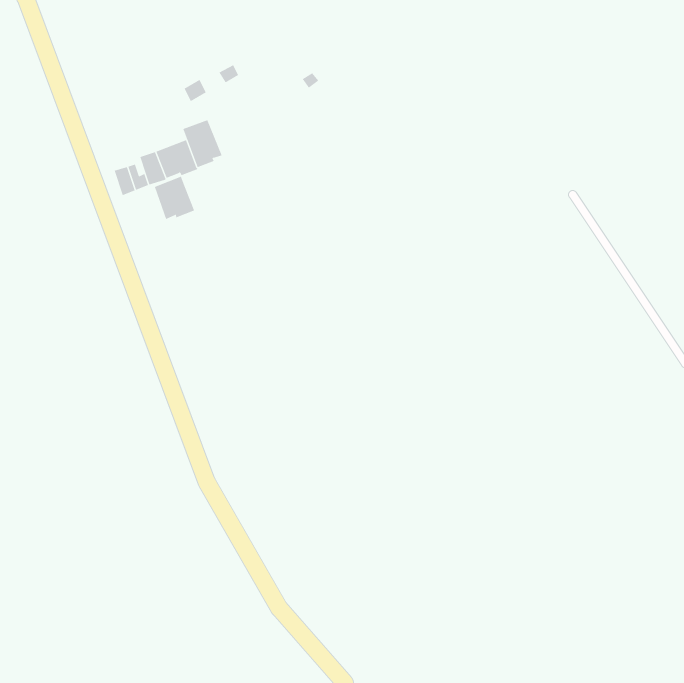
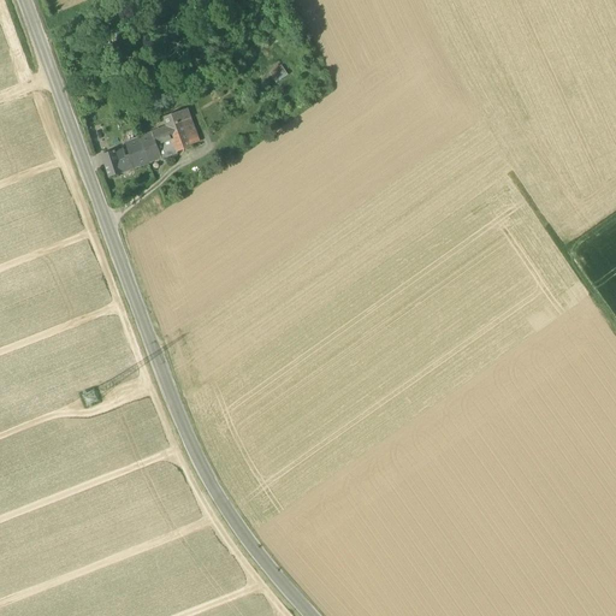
building: [154,176,195,220] -> none

